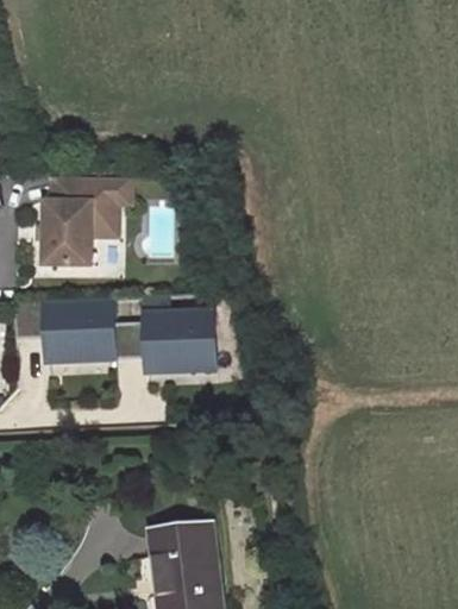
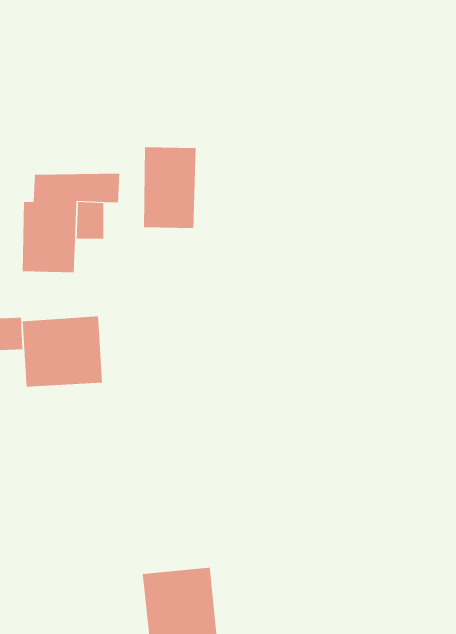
building: none -> [143,147,196,229]
building: [145,312,215,375] -> none

